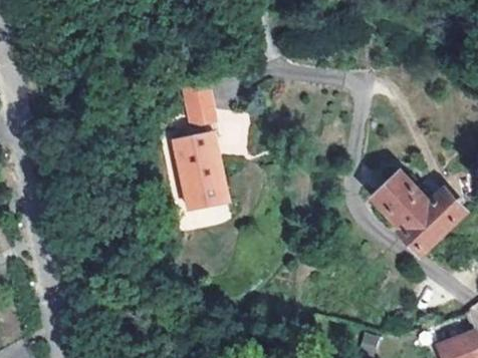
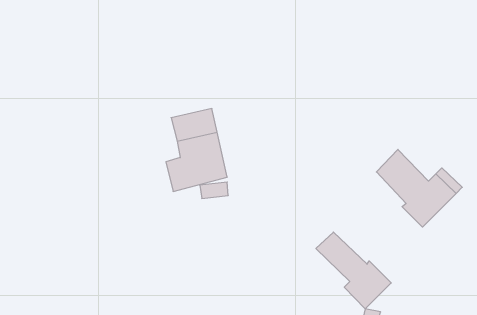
building: [182,81,217,131] -> none
building: none -> [316,232,391,309]

